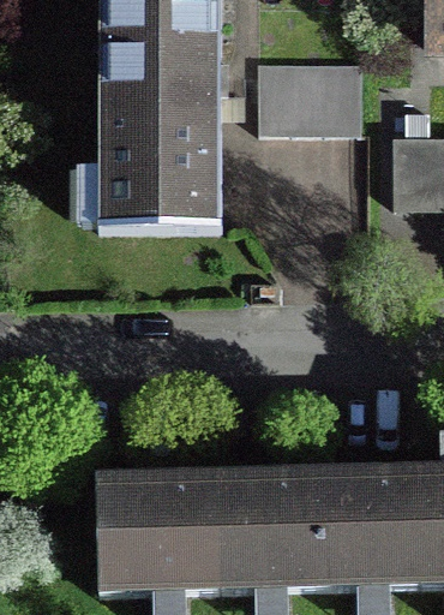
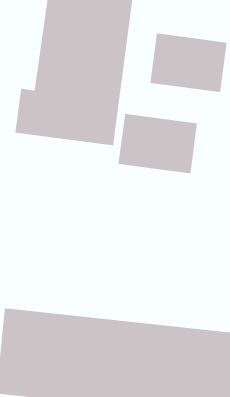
building: none -> [118,113,198,174]

